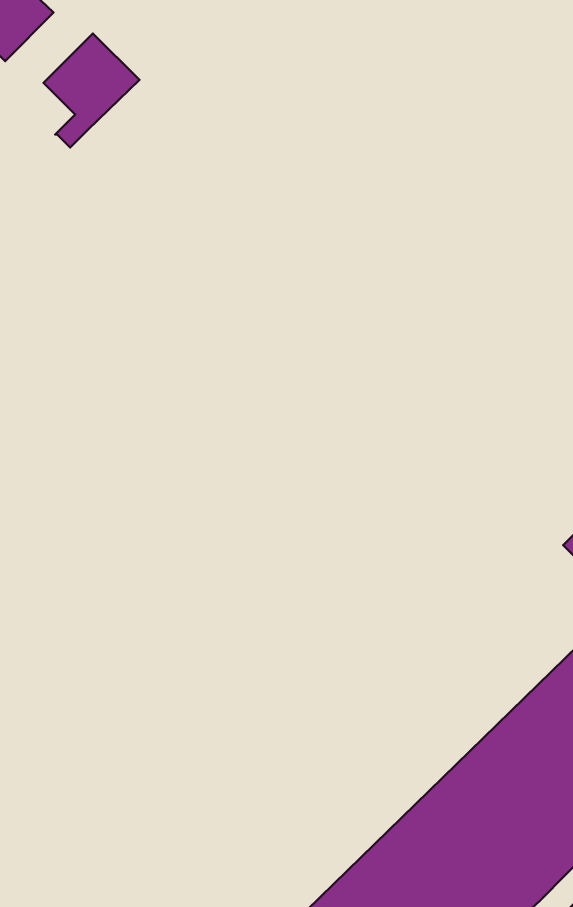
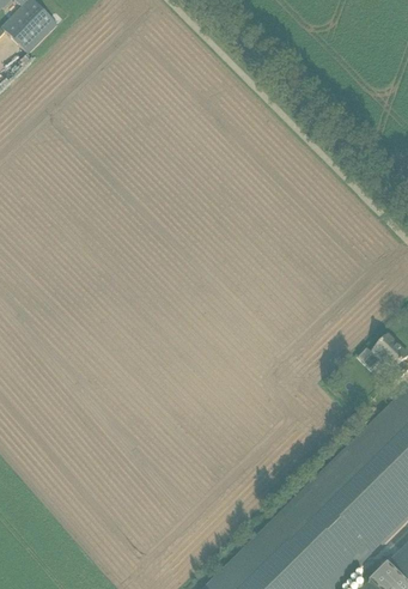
building: [44,33,140,147] -> none

